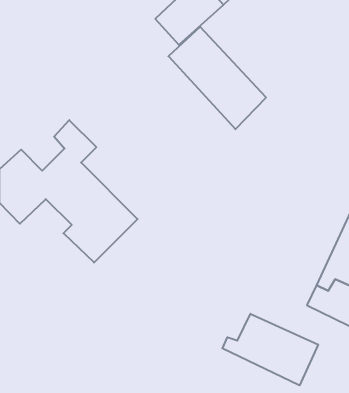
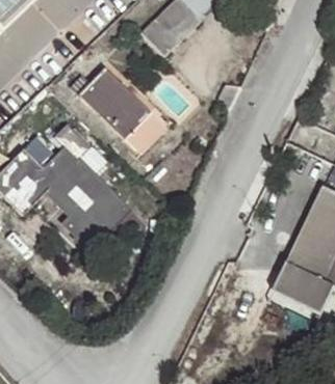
building: [168,27,266,129] -> [74,70,160,160]
building: [222,314,318,385] -> none

